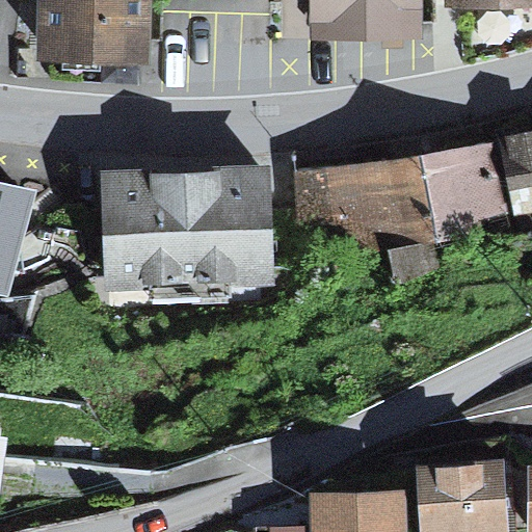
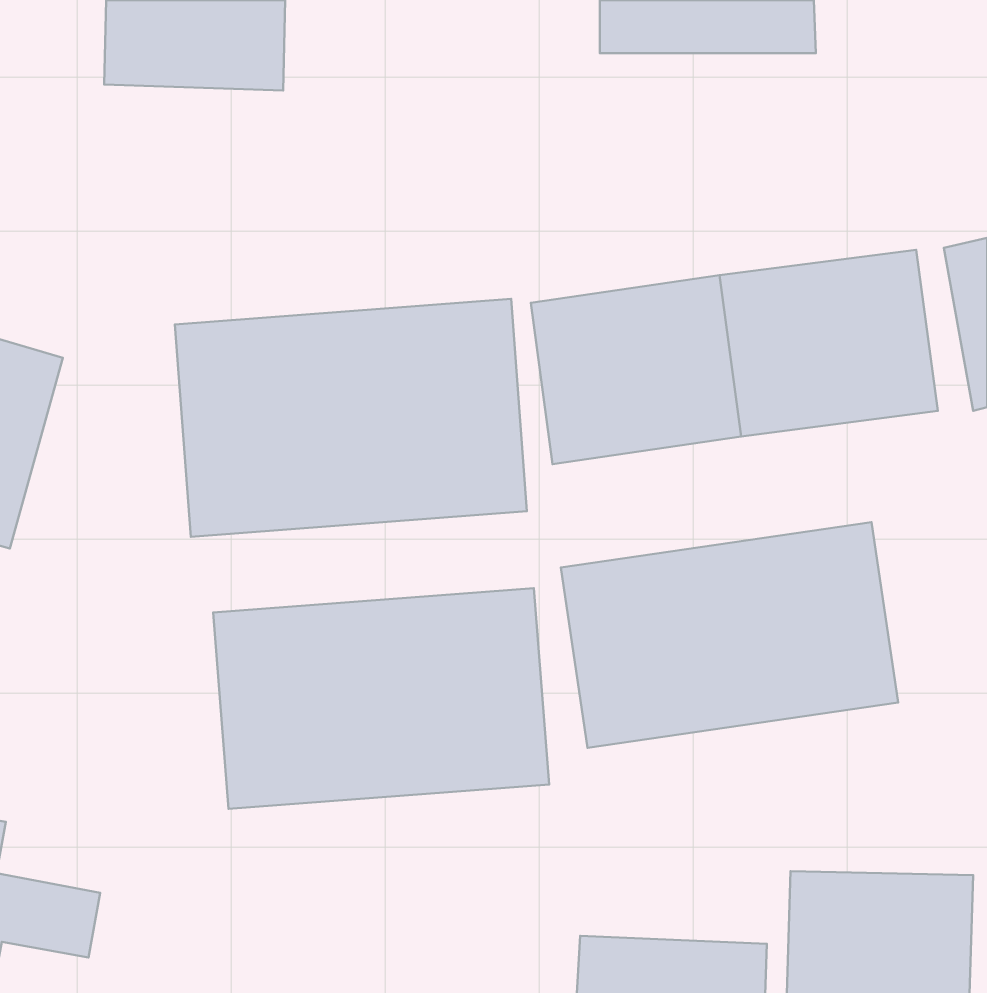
building: none -> [561,522,898,748]
building: none -> [213,588,549,809]

